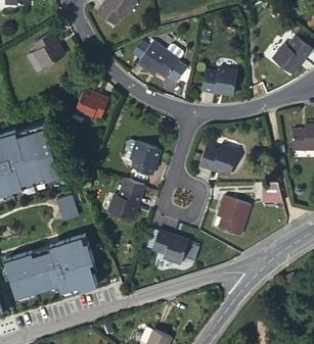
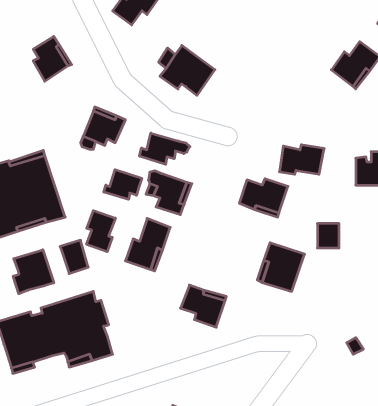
building: [203,68,238,92] -> [279,145,324,174]
building: none -> [140,133,190,164]
building: none -> [104,170,142,199]
building: none -> [87,211,115,252]
building: none -> [13,250,54,294]

